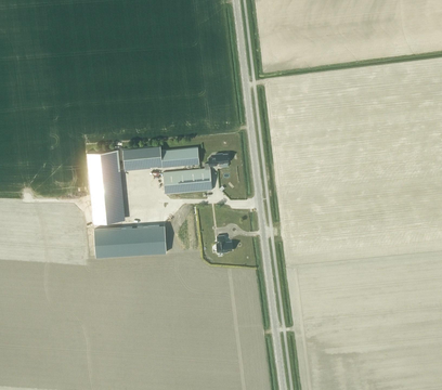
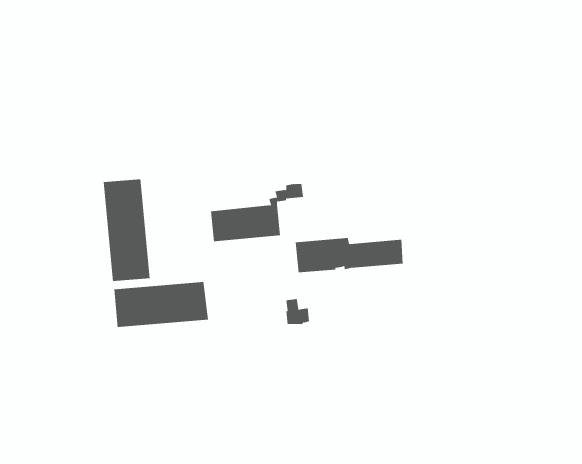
building: [123,146,200,171] -> [295,238,404,273]

